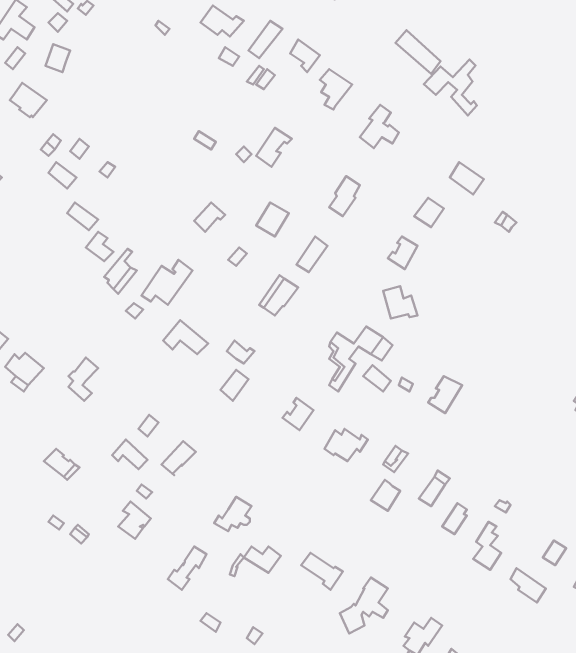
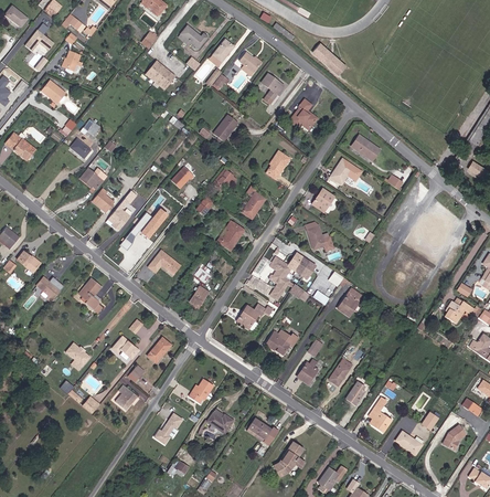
building: none -> [148,61,178,89]
building: [424,60,477,116] -> none

